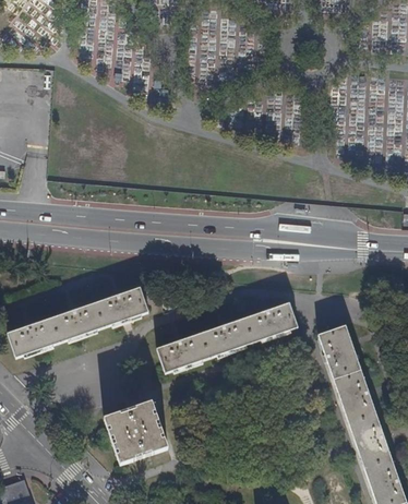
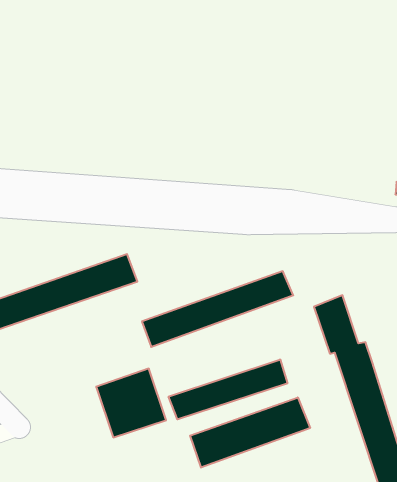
building: none -> [169,359,287,419]
building: none -> [190,397,310,468]

